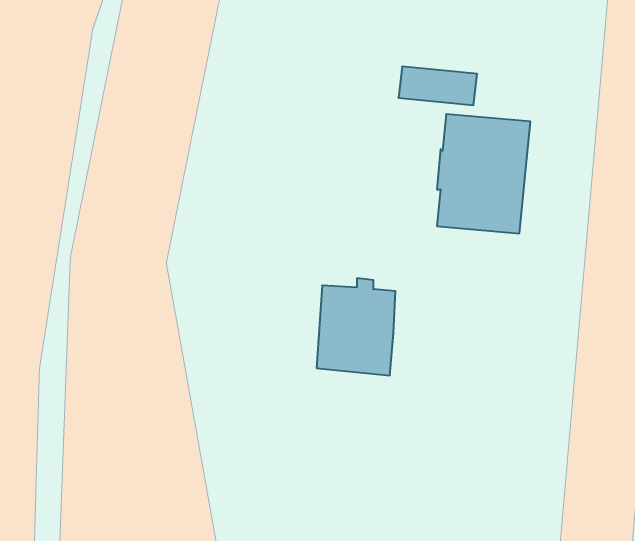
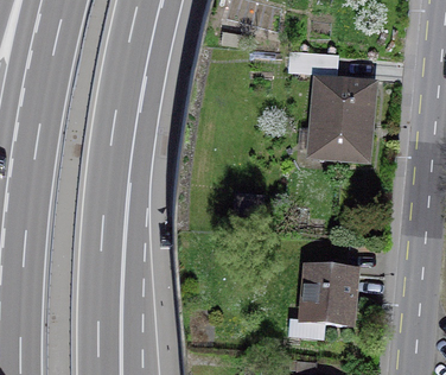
building: [317,278,395,375] -> [304,262,355,325]

